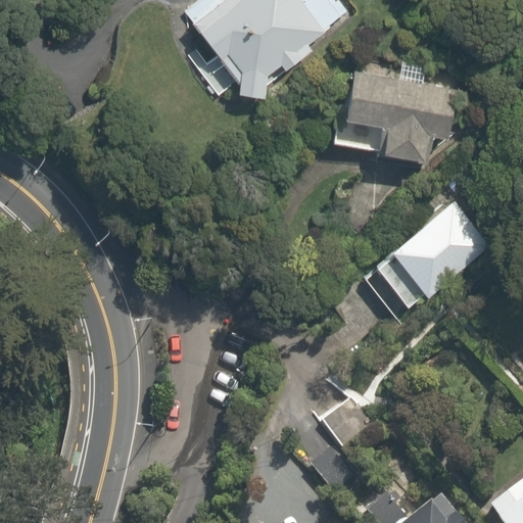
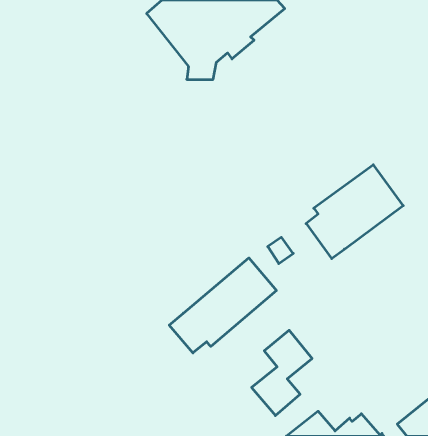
building: [331,70,447,158] -> none
building: none -> [169,258,276,353]

